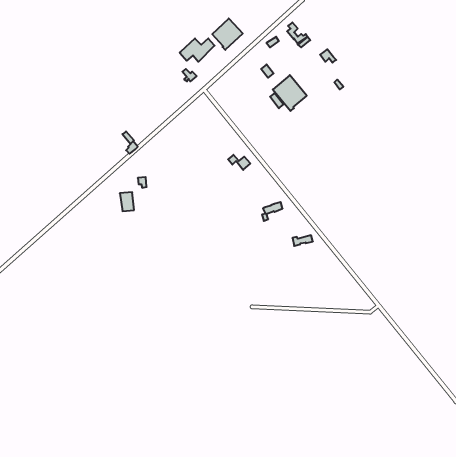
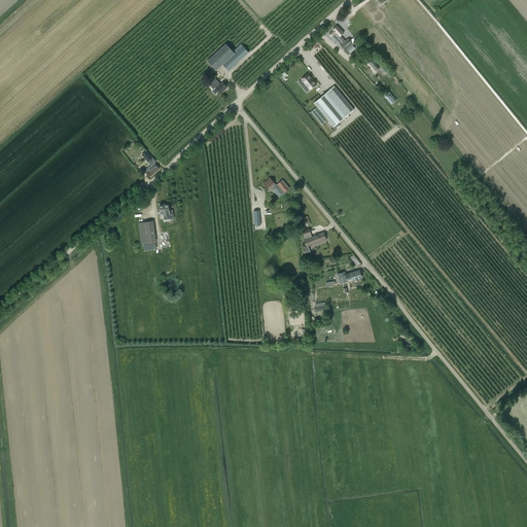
building: [212,18,243,50] -> none

